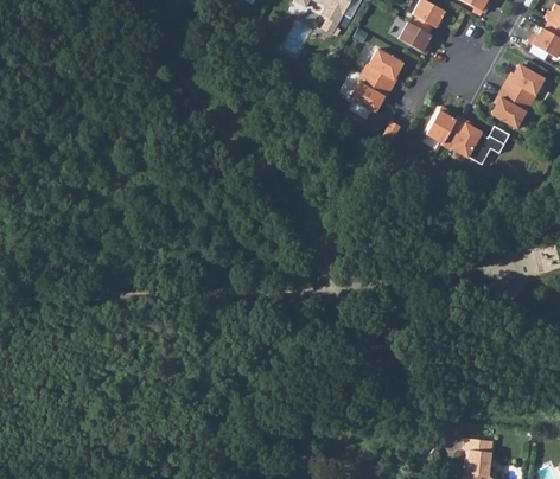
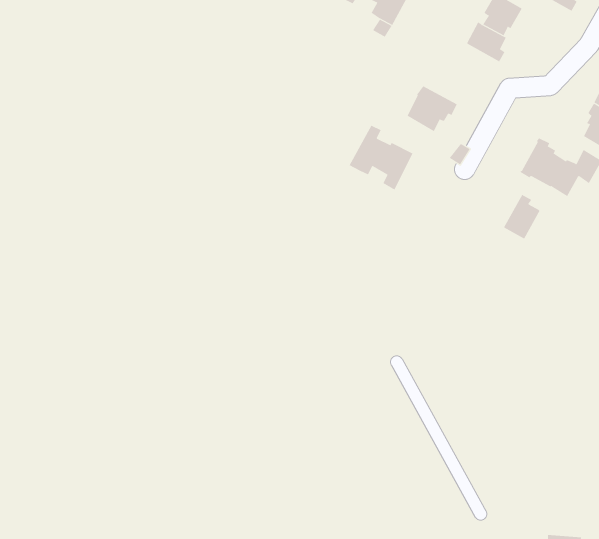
building: [363,49,400,89] -> none
building: none -> [349,125,413,190]
building: [426,107,457,143] -> [503,194,541,239]

